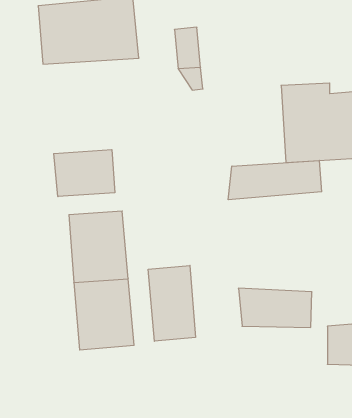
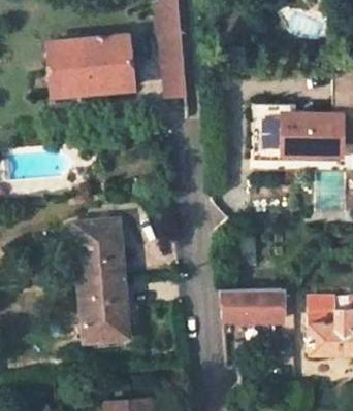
building: [54,150,115,197] -> none
building: [228,160,322,200] -> none
building: [148,265,195,341] -> none

